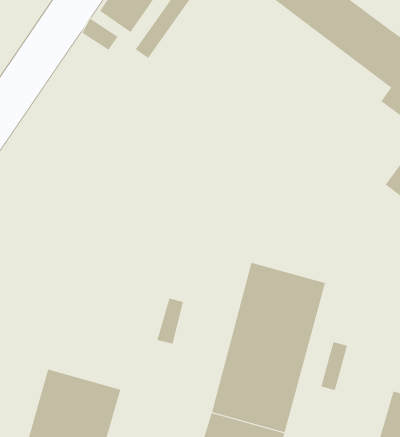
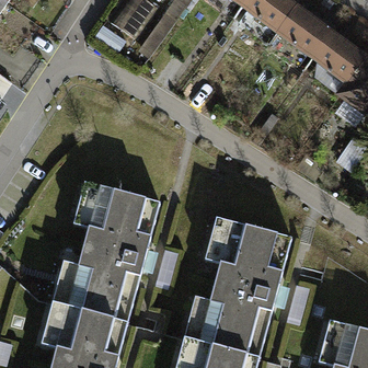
building: none -> [67,187,159,324]

